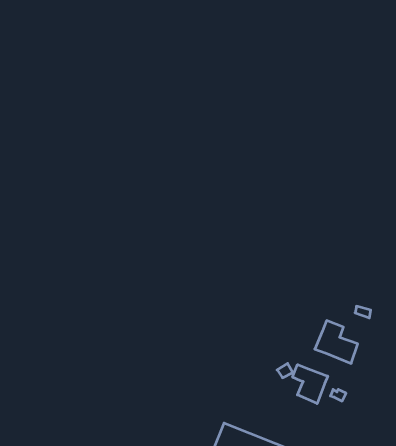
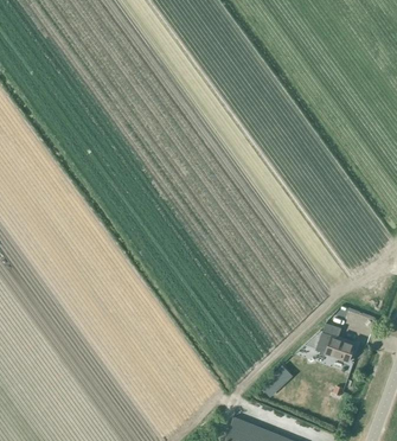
building: [293,365,328,404] -> none

